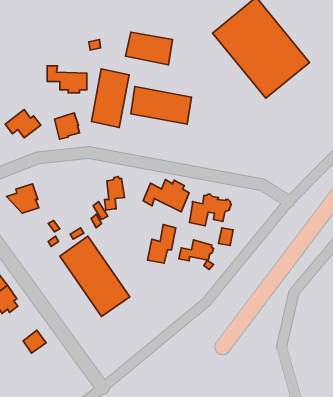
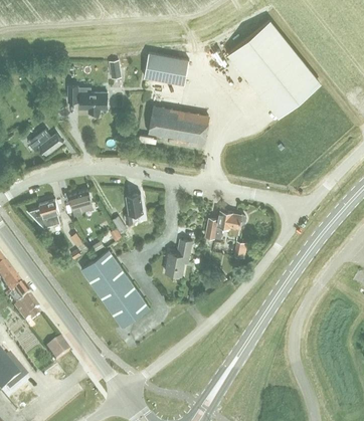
building: [91,69,129,128] -> none
building: [54,113,80,139] -> [68,191,93,216]
building: [143,180,189,212] -> none
building: [179,240,214,261] -> none

